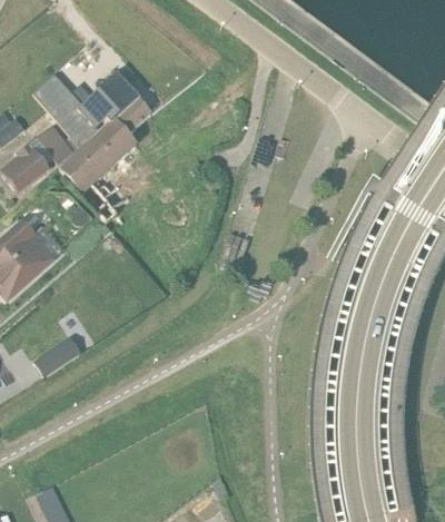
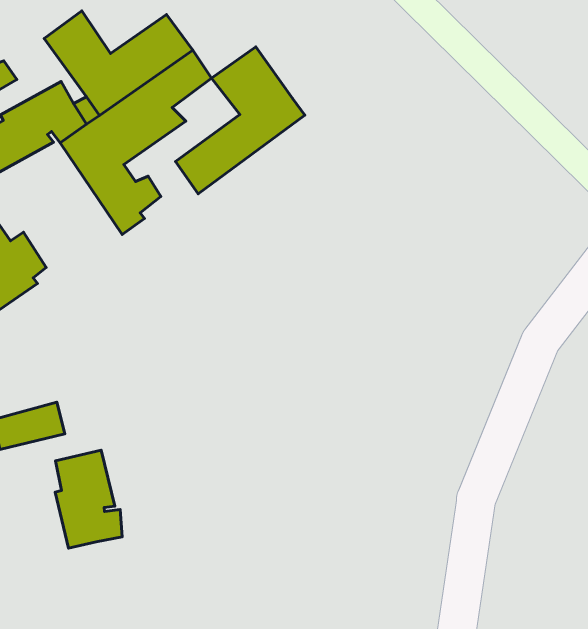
building: none -> [176,47,305,194]
building: none -> [55,450,122,548]

